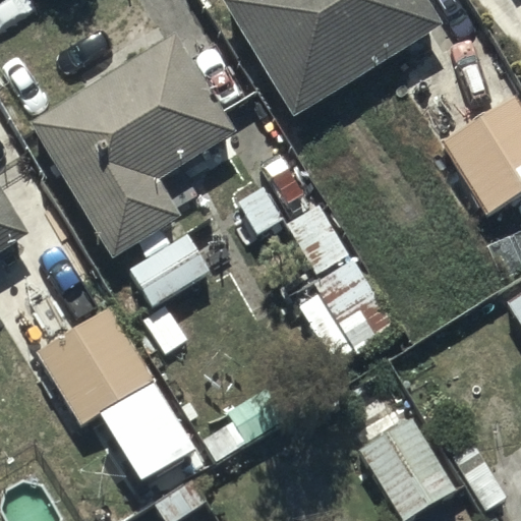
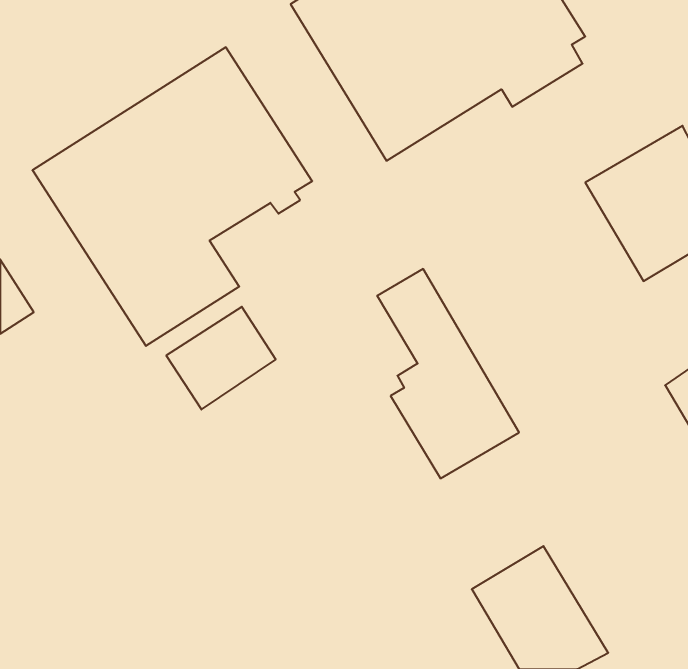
building: [38,308,180,452] -> none

